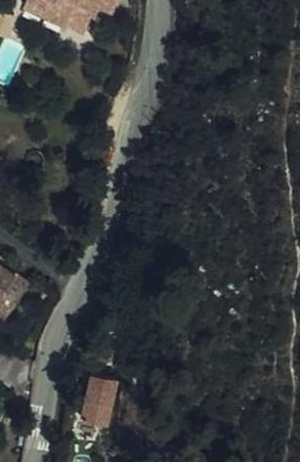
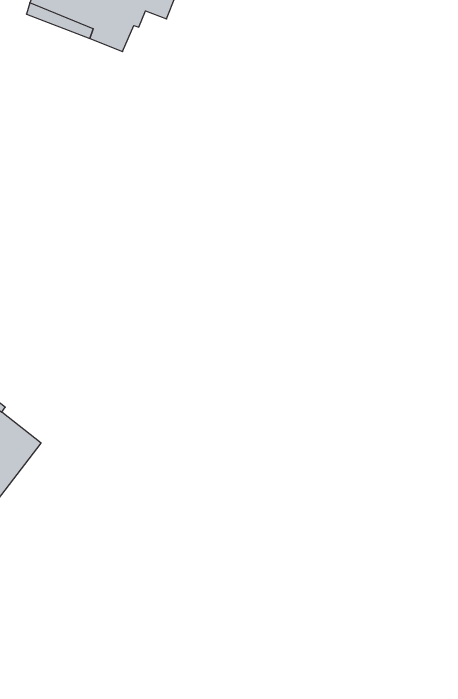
building: [80,373,118,424] -> none

